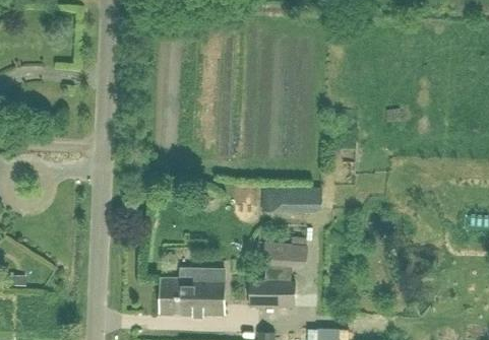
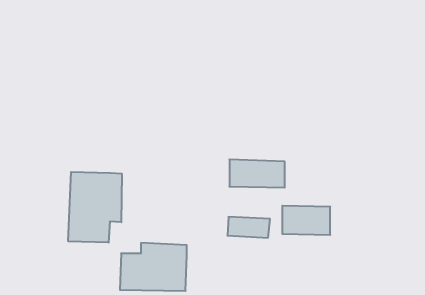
building: none -> [68,172,122,243]
building: [249,280,296,309] -> [282,206,330,235]

